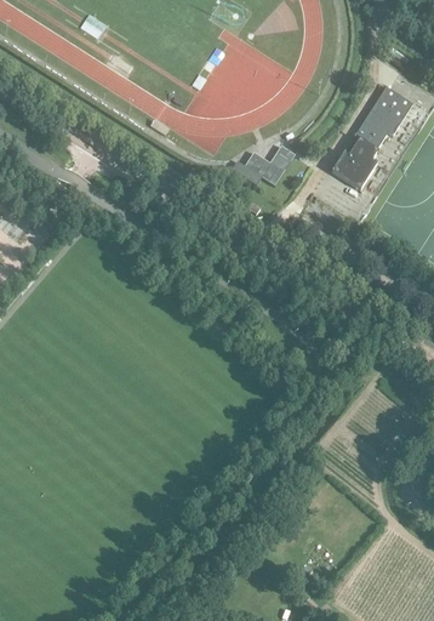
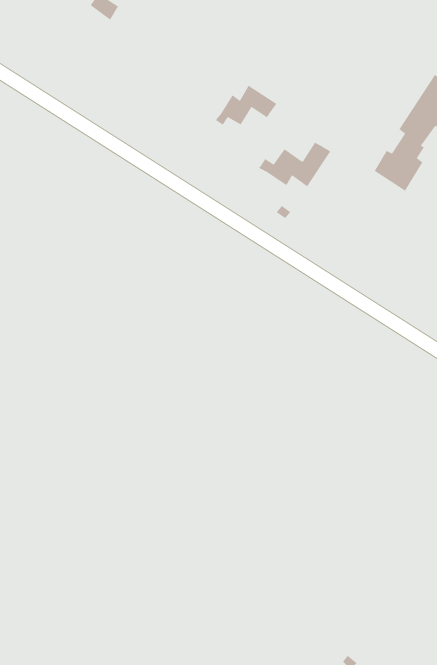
building: none -> [215,85,277,126]

